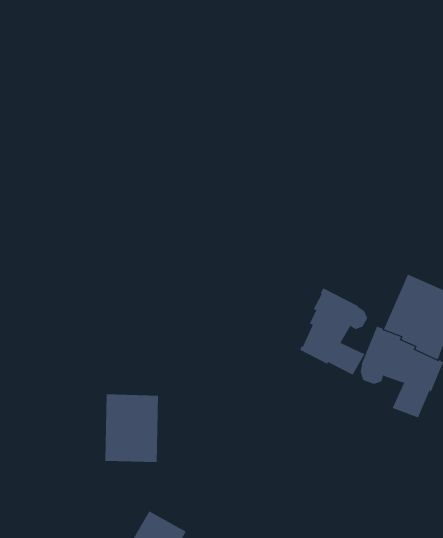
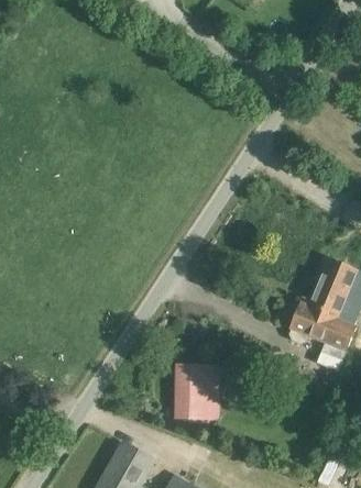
building: [300,288,368,375] -> none
building: [104,394,159,463] -> [176,365,219,419]

